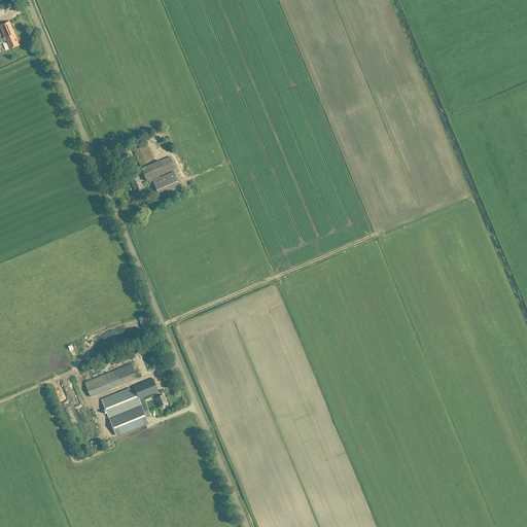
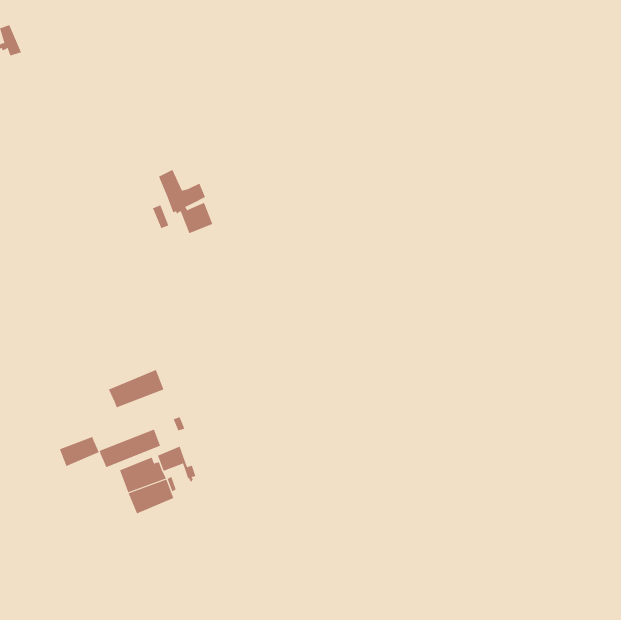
building: none -> [108,369,164,408]
building: none -> [59,436,99,467]

